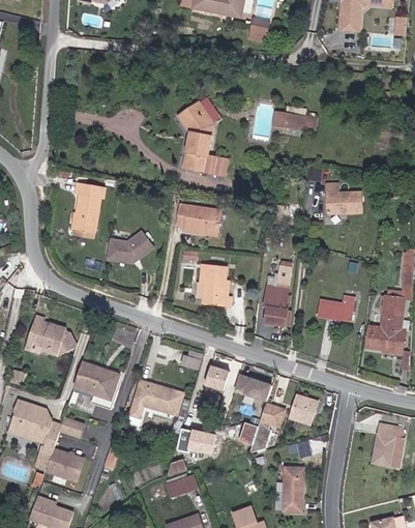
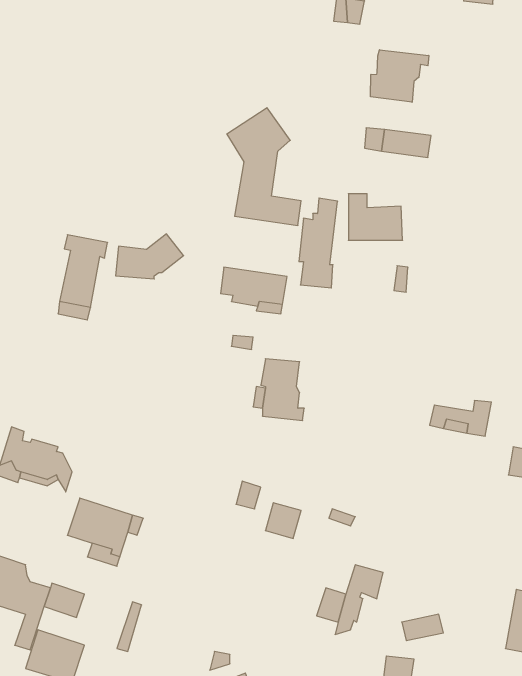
building: none -> [371,50,429,102]
building: [326,183,362,214] -> [348,194,403,240]
building: [105,231,150,261] -> [116,234,184,279]
building: [266,263,292,323] -> [299,198,338,288]
building: [236,374,272,399] -> none
building: [130,376,185,413] -> none
building: [290,392,320,422] -> none
building: [178,429,216,452] -> none

